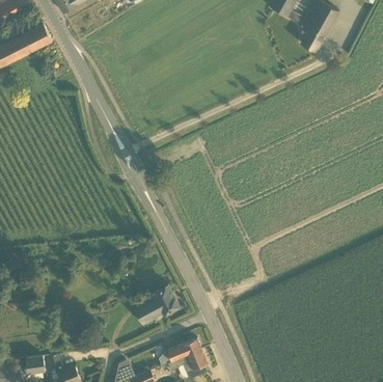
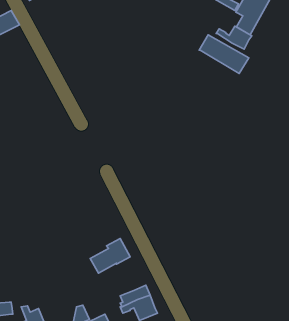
building: none -> [216,26,252,49]
building: none -> [199,35,249,73]

